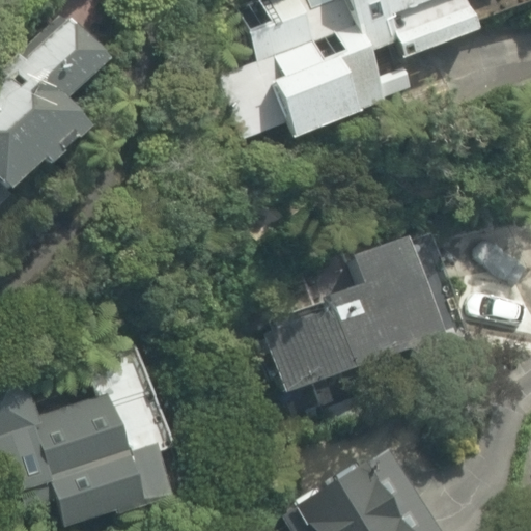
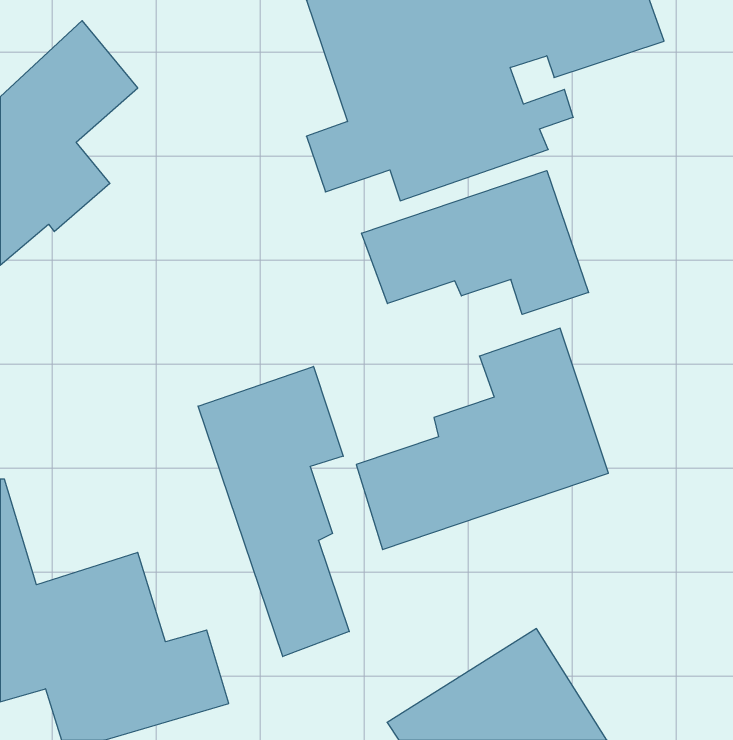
building: none -> [362,171,589,314]
building: none -> [198,366,349,657]

